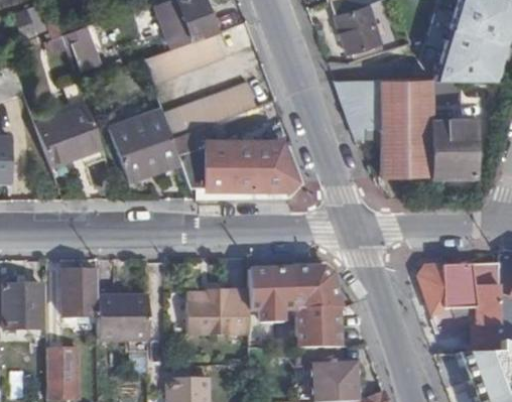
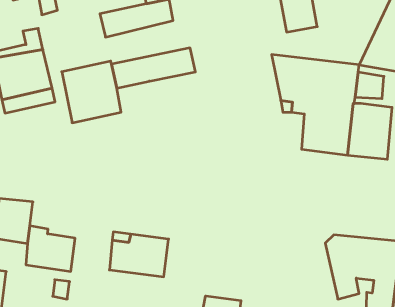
building: [172,125,294,186] -> none
building: [249,268,339,349] -> none

